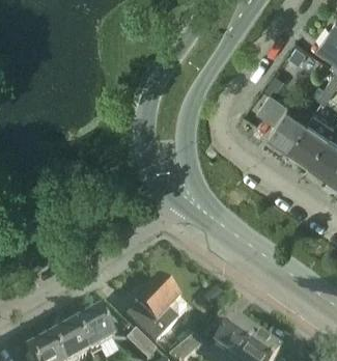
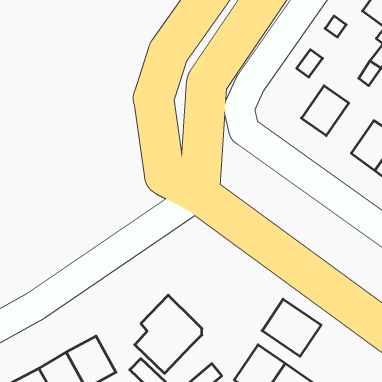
building: [289,114,329,156] -> none
building: none -> [262,299,321,356]

